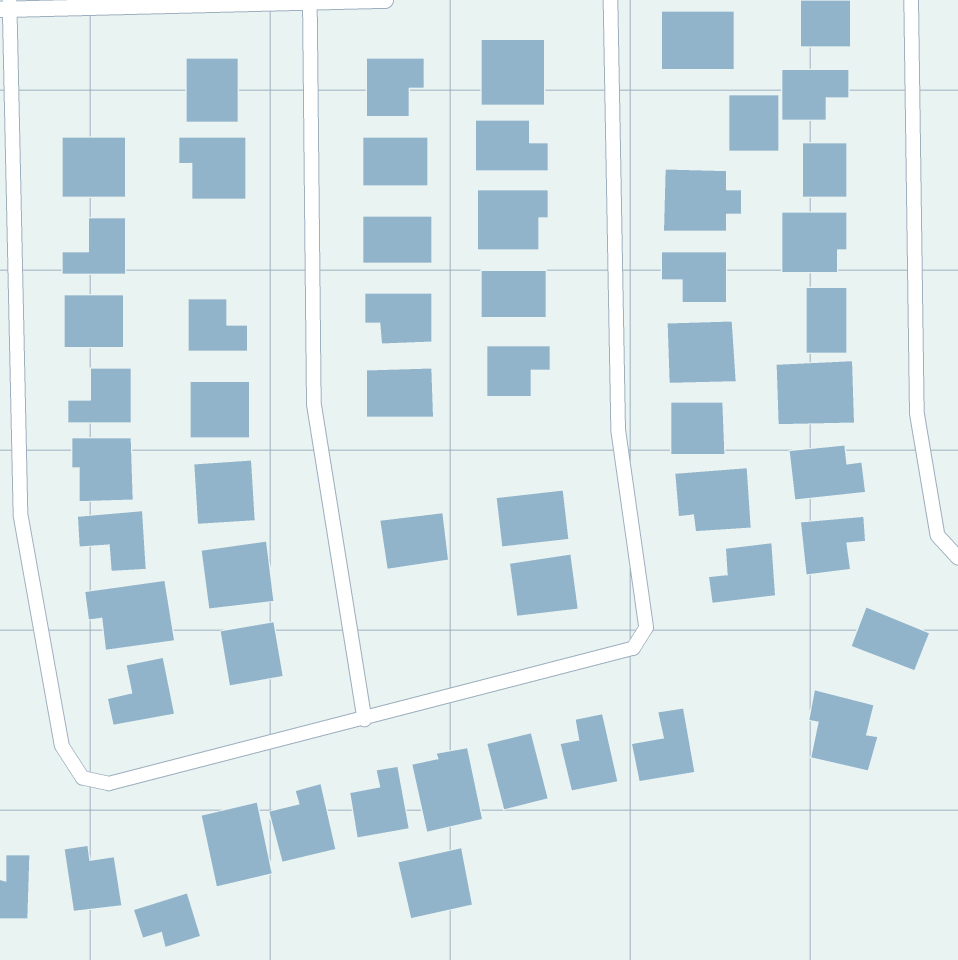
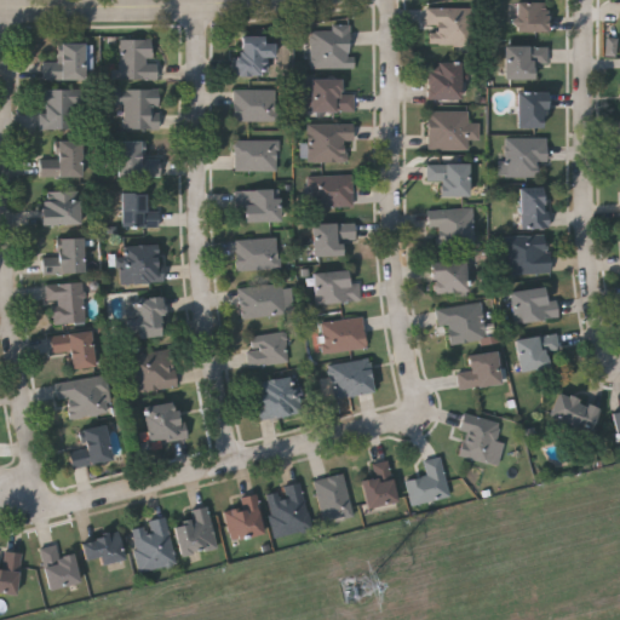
building: none -> [42,42,85,79]
building: [729,95,779,151] -> [427,63,460,99]
building: none -> [119,140,160,177]
building: none -> [314,269,361,303]
building: none -> [239,282,293,317]
building: none -> [258,378,300,415]
building: [809,690,878,771] -> [459,413,504,465]
building: [398,848,473,919] -> none
building: [133,893,201,947] -> [81,530,125,566]

